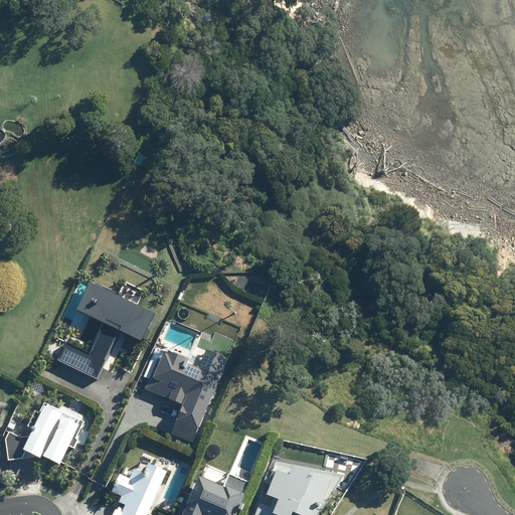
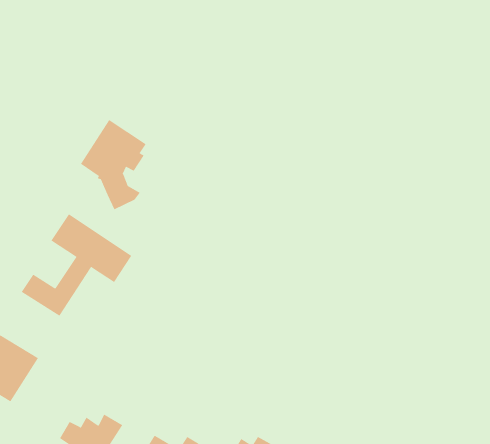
building: none -> [80,119,146,210]
building: [144,348,228,443] -> none

